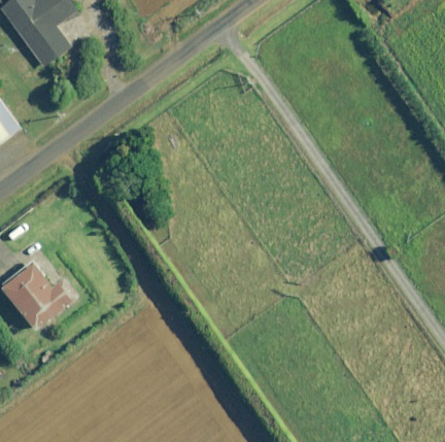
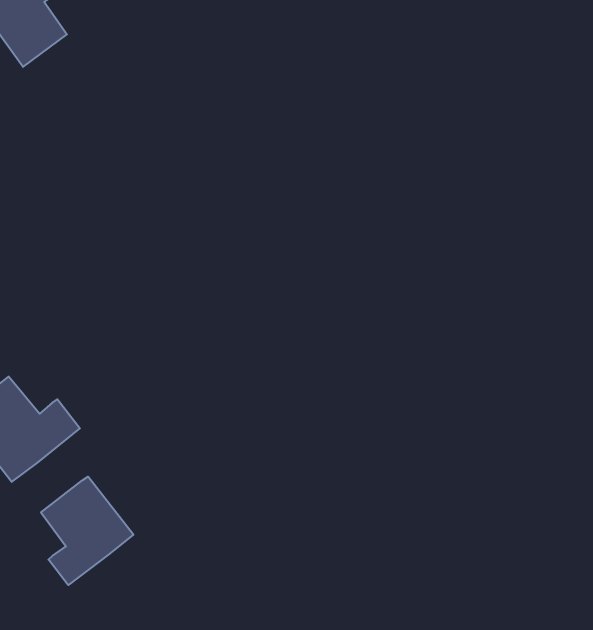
building: none -> [41,477,133,585]

